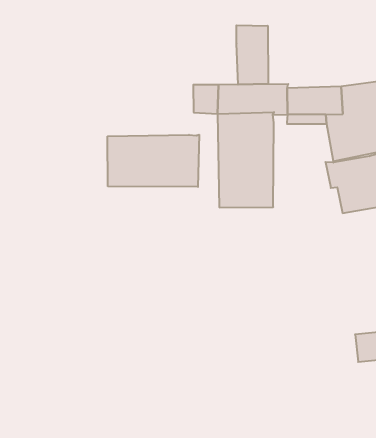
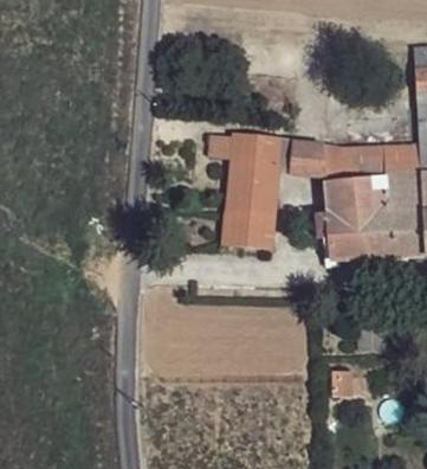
building: [236,25,268,85] -> none
building: [108,135,199,187] -> none

